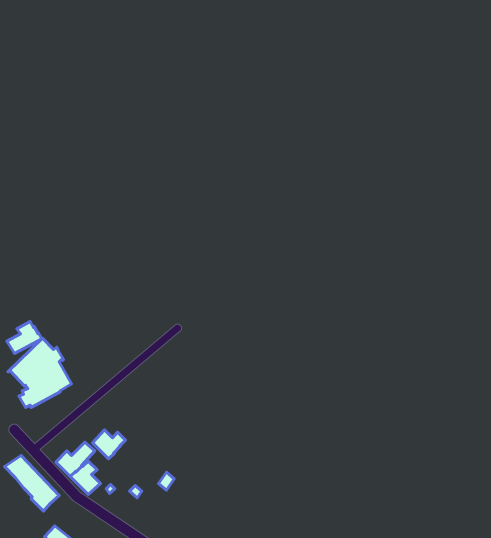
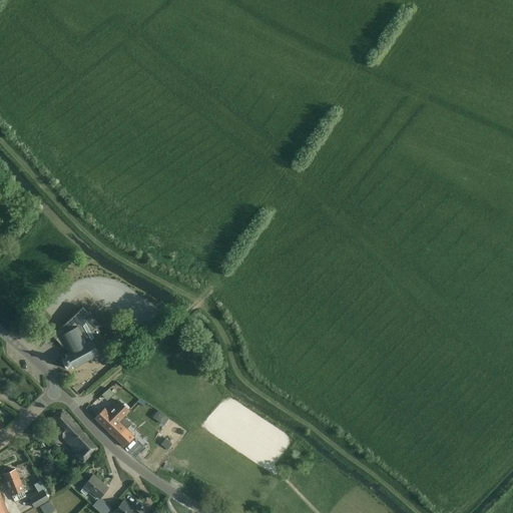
building: [7,322,42,353] -> none
building: [93,430,125,459] -> none

